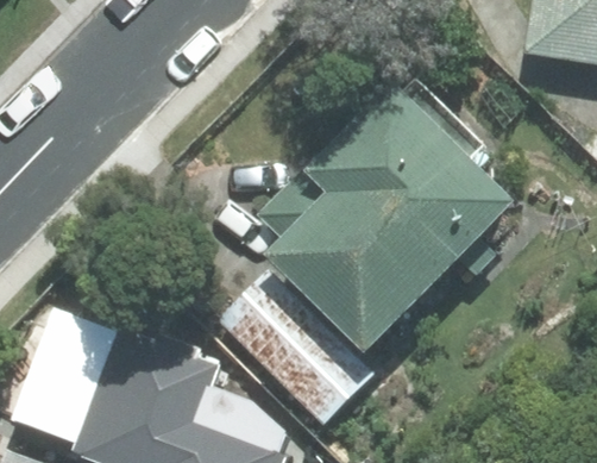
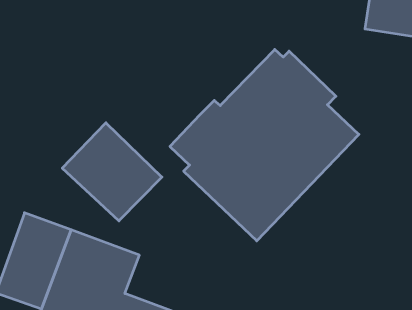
building: none -> [62,123,162,221]
building: [215,271,372,425] -> none

